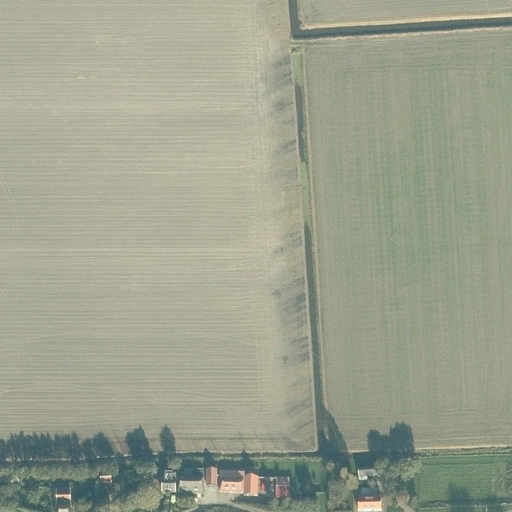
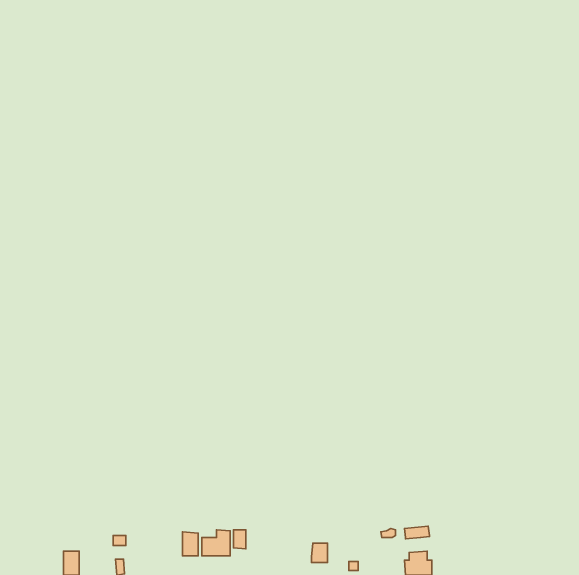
building: [219,470,258,494] -> none

